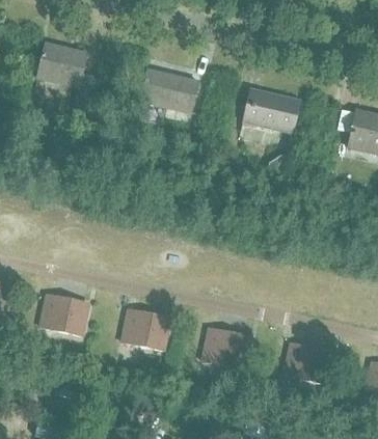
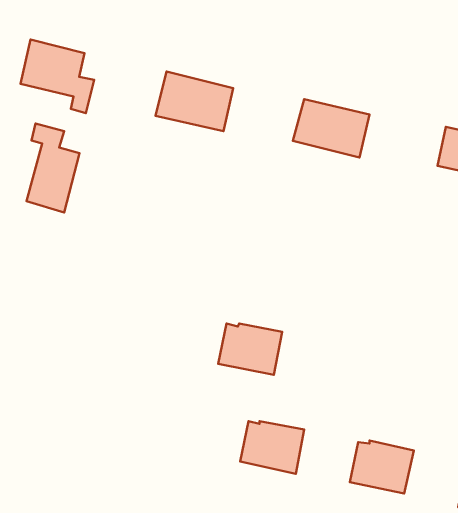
building: none -> [26,124,79,213]
building: [40,295,88,334] -> none
building: [122,310,169,349] -> [218,324,282,375]

